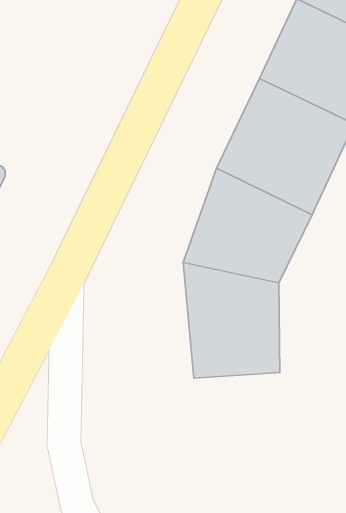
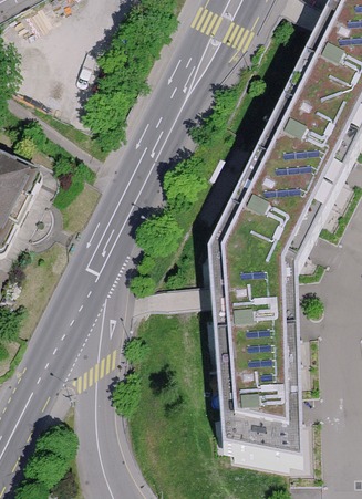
building: none -> [217,354,302,464]

